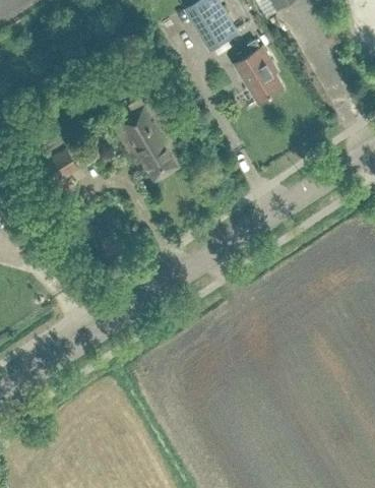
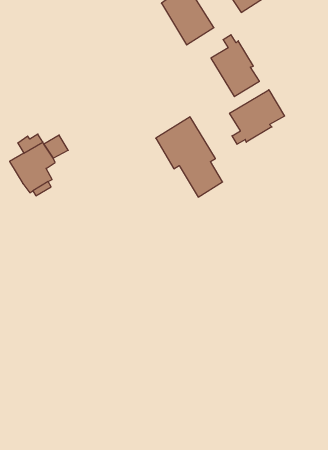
building: none -> [230,90,285,144]
building: [112,101,179,181] -> [156,117,223,197]

